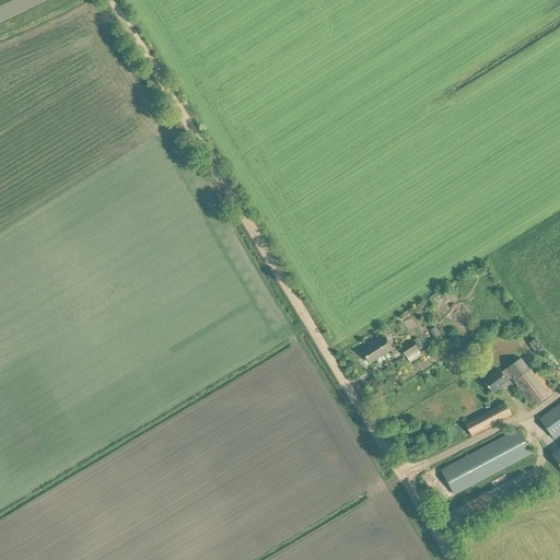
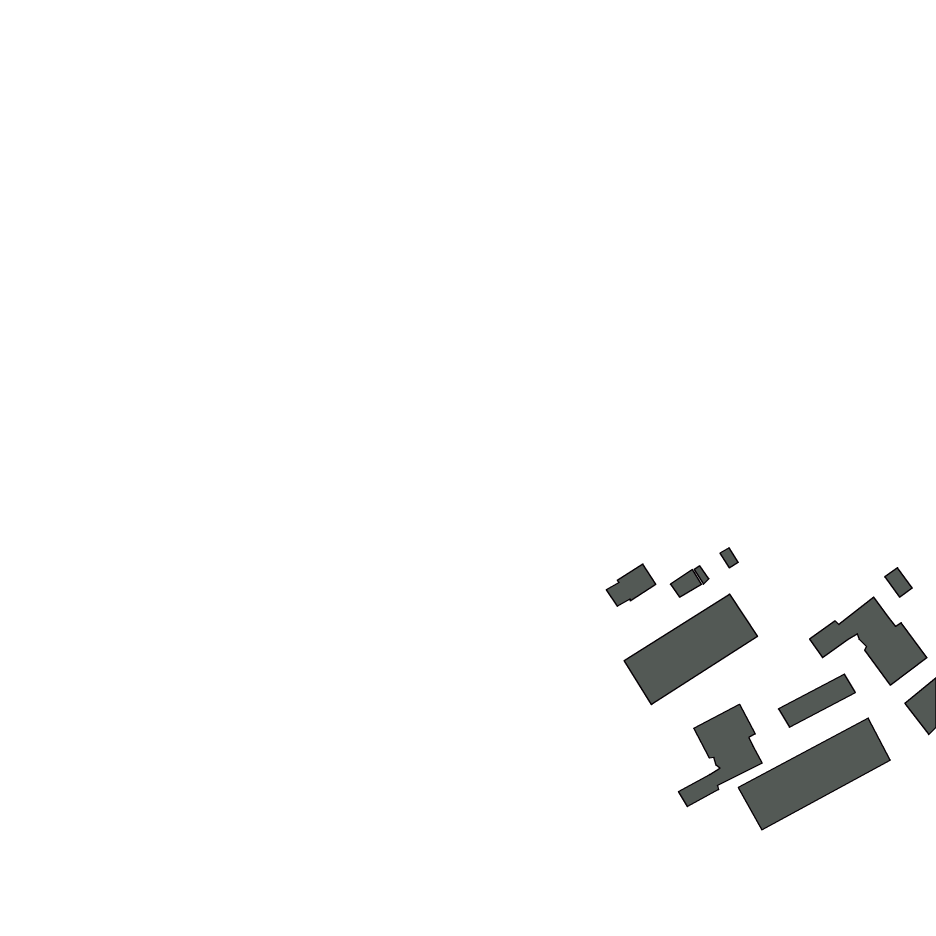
building: none -> [624,594,757,705]
building: none -> [679,704,762,807]

